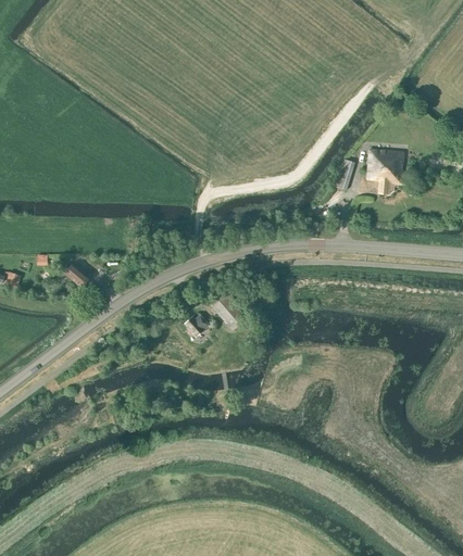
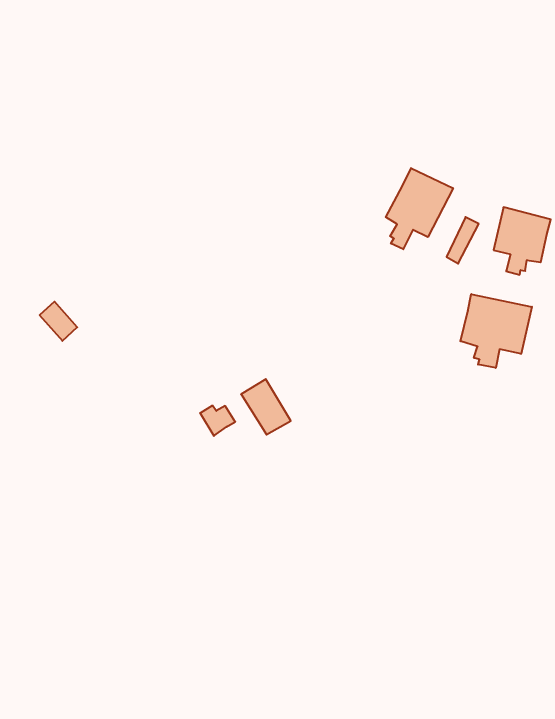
building: none -> [386,168,453,249]
building: none -> [460,294,532,368]

